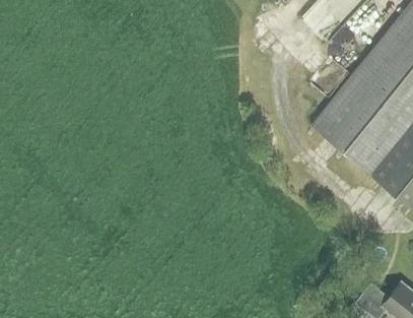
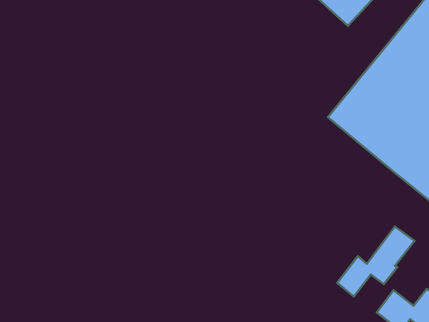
building: none -> [337,227,415,296]

